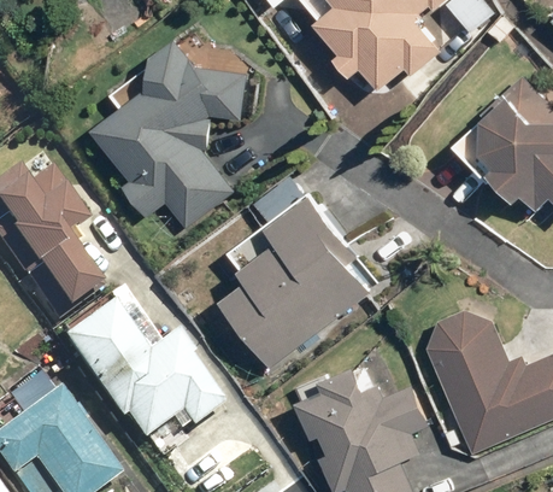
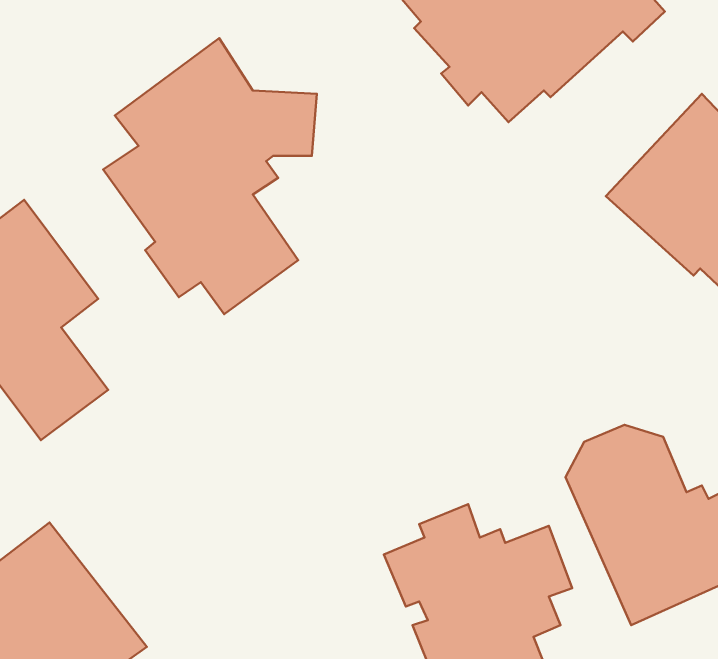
building: [220,192,375,367] -> none
building: [49,289,217,443] -> none

